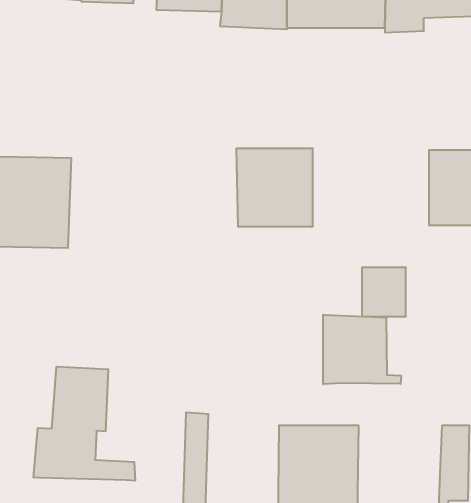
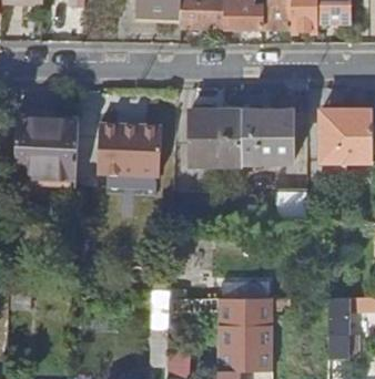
building: none -> [242,110,292,161]
building: none -> [98,122,161,175]
building: [323,315,401,384] -> none
building: [34,367,135,481] -> none

